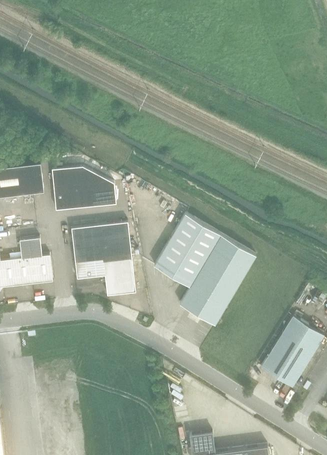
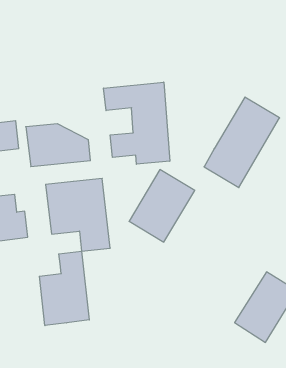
building: none -> [104,82,170,164]
building: [179,234,255,325] -> [204,97,280,188]
building: none -> [39,251,89,326]

